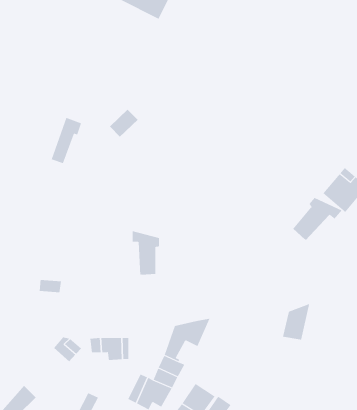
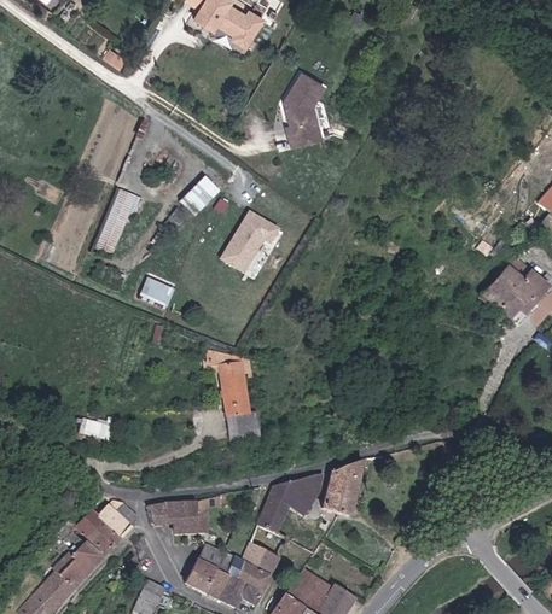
building: none -> [284,74,325,145]
building: none -> [219,209,283,279]
building: none -> [139,276,175,306]
building: [293,197,342,241] -> none
building: none -> [225,411,256,438]
building: [282,303,310,340] -> [323,460,362,513]
building: none -> [76,509,122,554]
building: none -> [53,527,103,587]
building: none -> [187,545,223,590]

